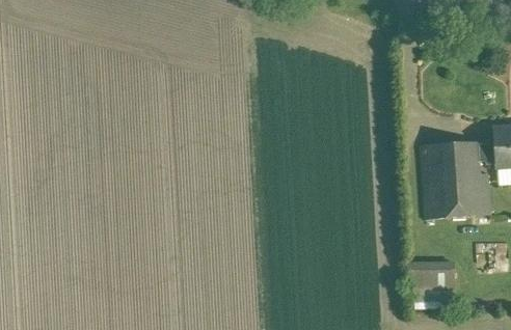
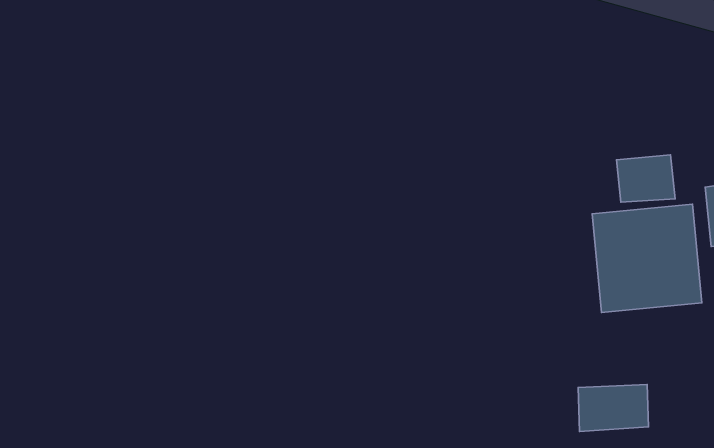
building: none -> [616,155,675,202]

